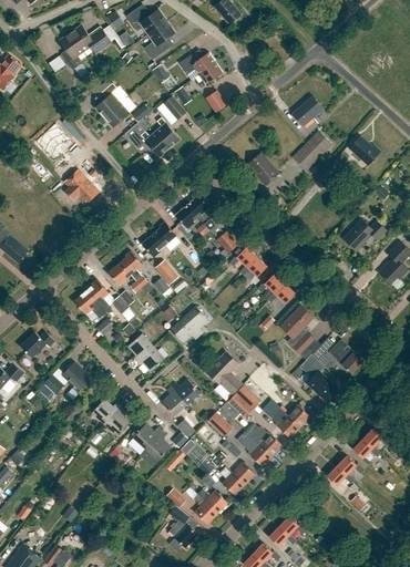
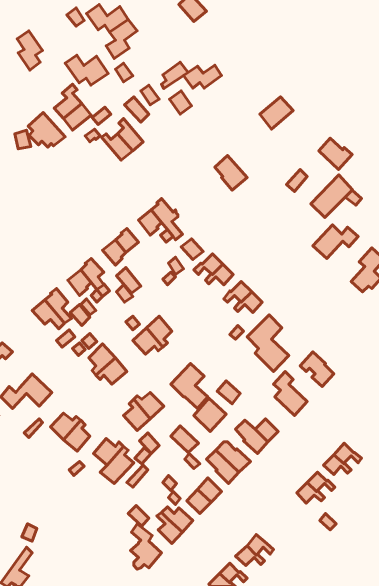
building: [71,24,112,53] -> [65,55,108,85]
building: [180,52,216,74] -> [183,65,222,88]
building: [293,130,332,171] -> [311,175,353,218]
building: [64,168,100,202] -> [28,112,65,147]

